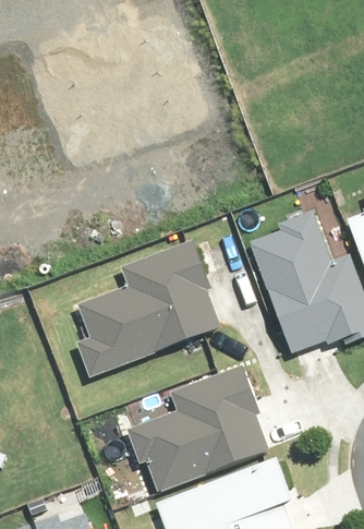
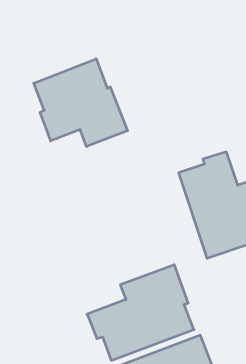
building: none -> [34,59,128,147]
building: [76,241,221,376] -> none

